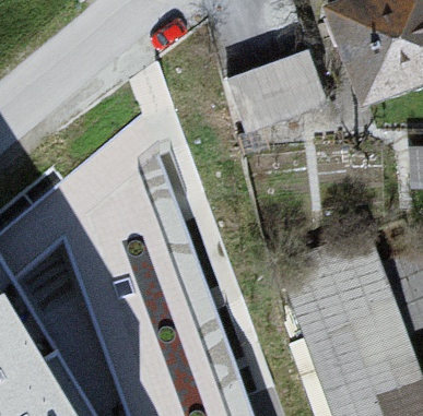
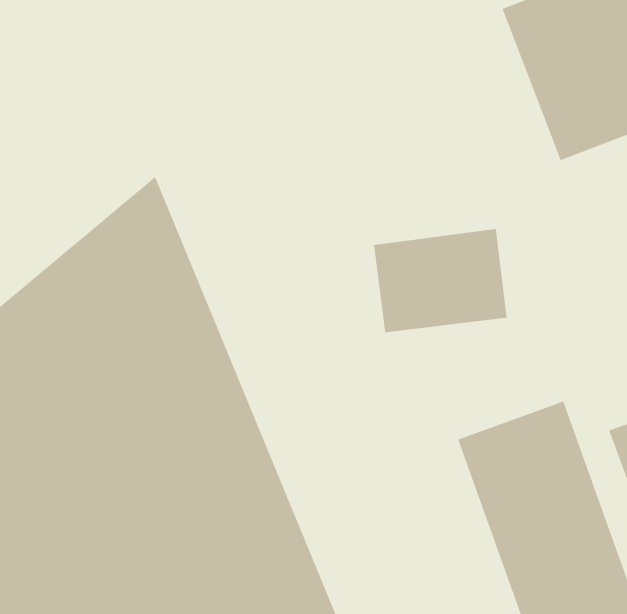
building: [245,51,325,114] -> [373,228,508,333]

